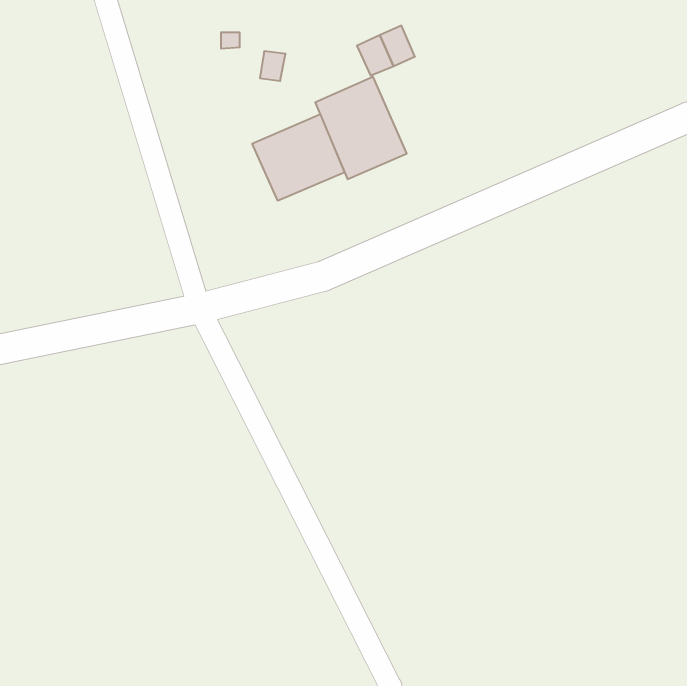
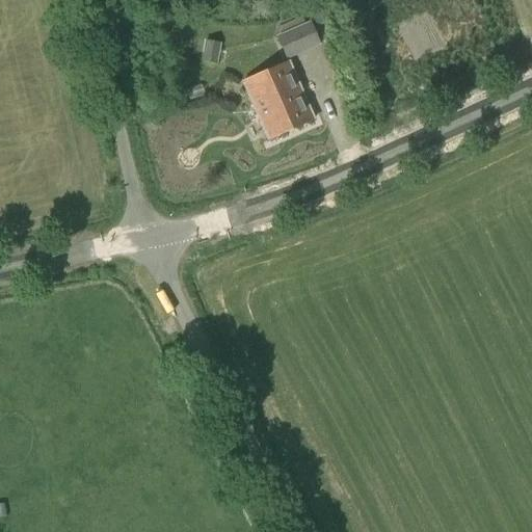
building: [252,114,345,201] -> none

